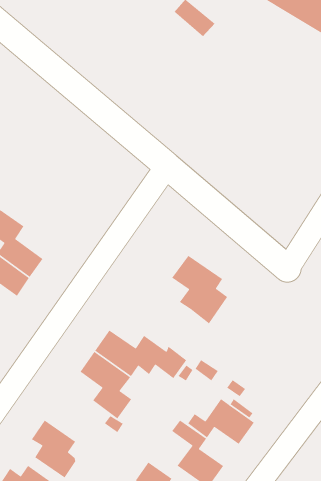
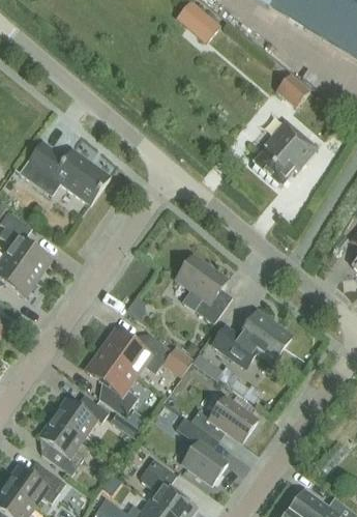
building: none -> [275,74,309,107]
building: none -> [252,119,318,185]
building: none -> [19,142,111,204]
building: none -> [211,310,292,363]
building: none -> [52,394,109,438]

